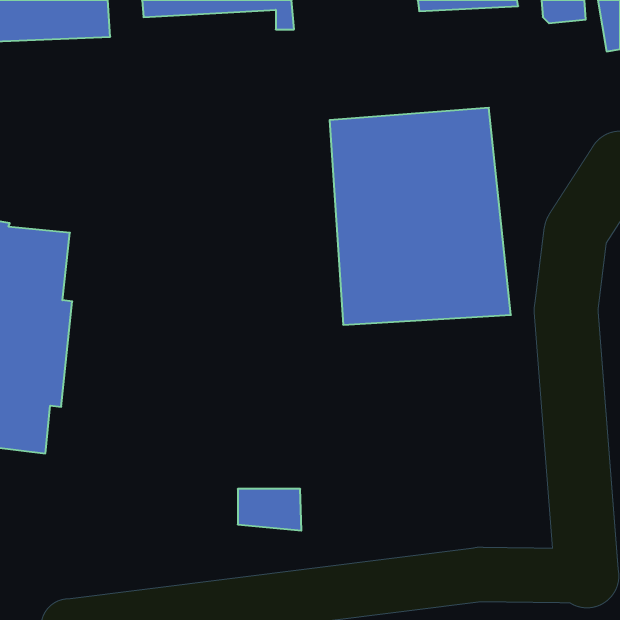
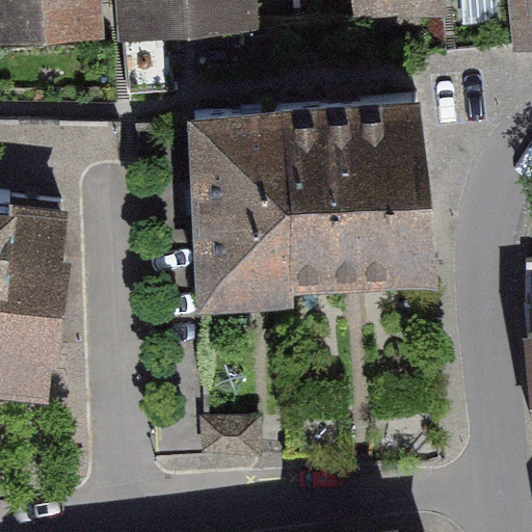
building: none -> [189,107,291,300]

